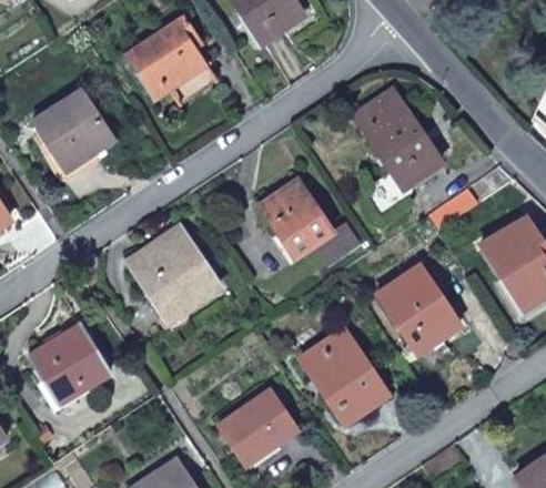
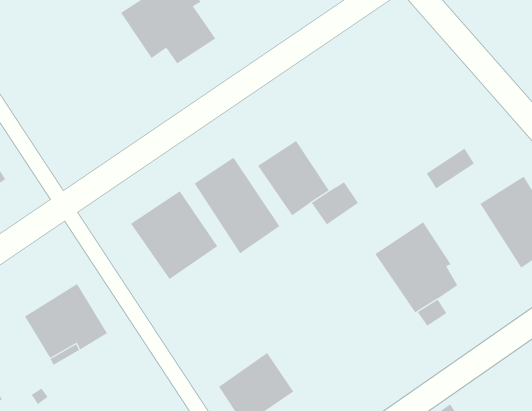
building: [32,89,114,171] -> none
building: [354,90,442,187] -> none
building: none -> [194,157,280,254]
building: [301,331,385,423] -> none

